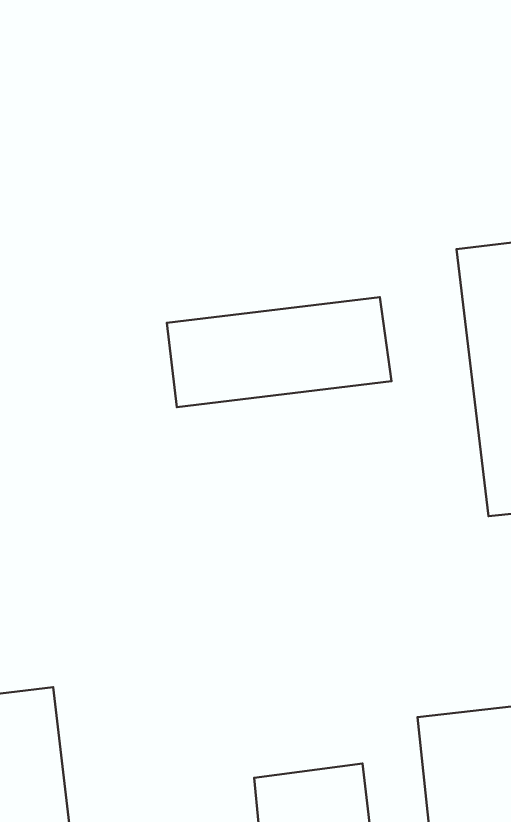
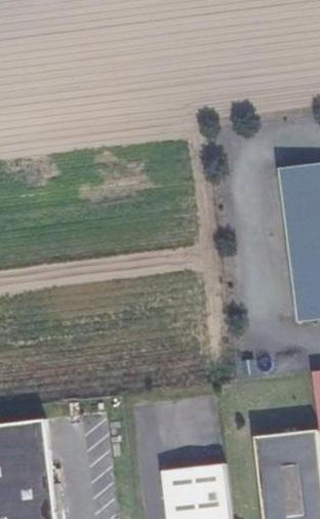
building: [167,297,391,407] -> none

